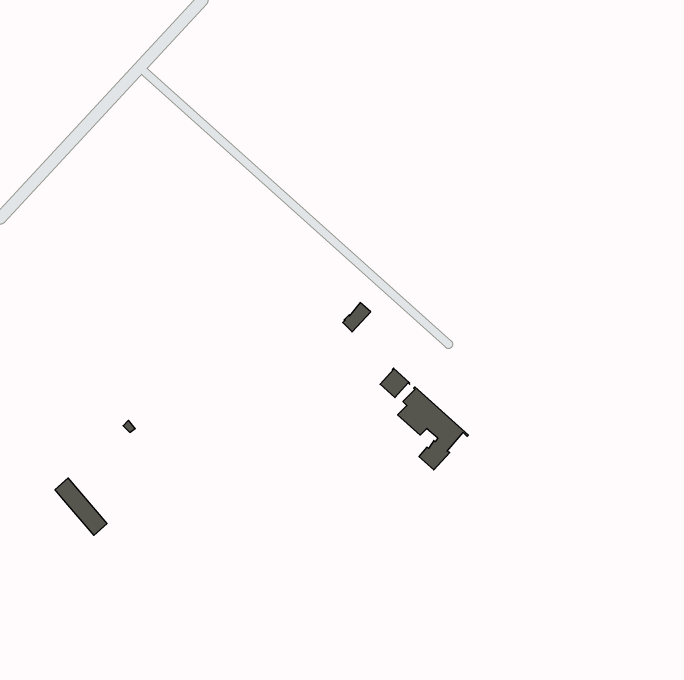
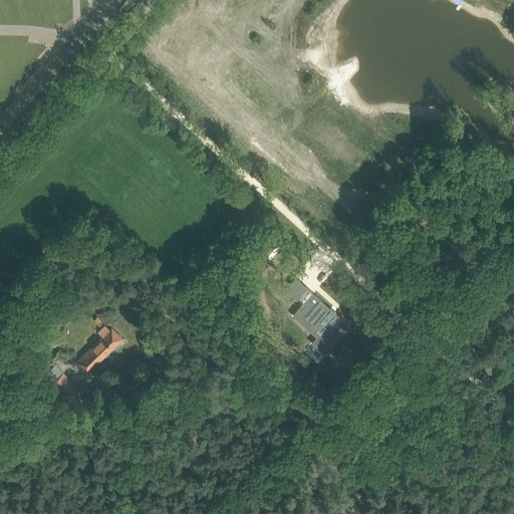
building: none -> [76,327,121,375]

